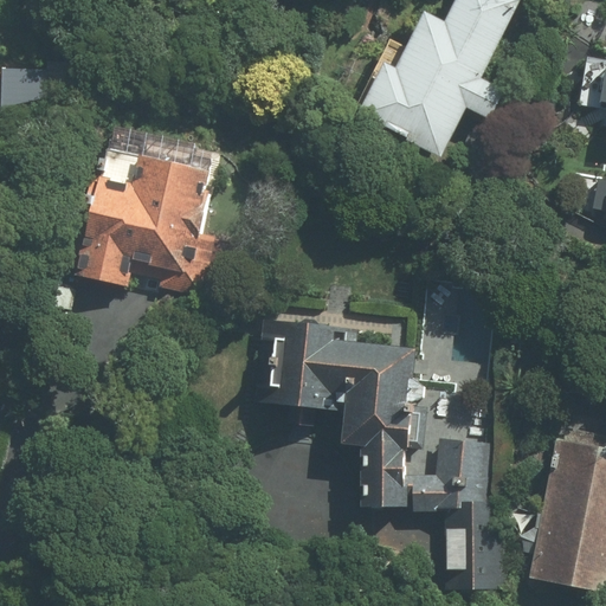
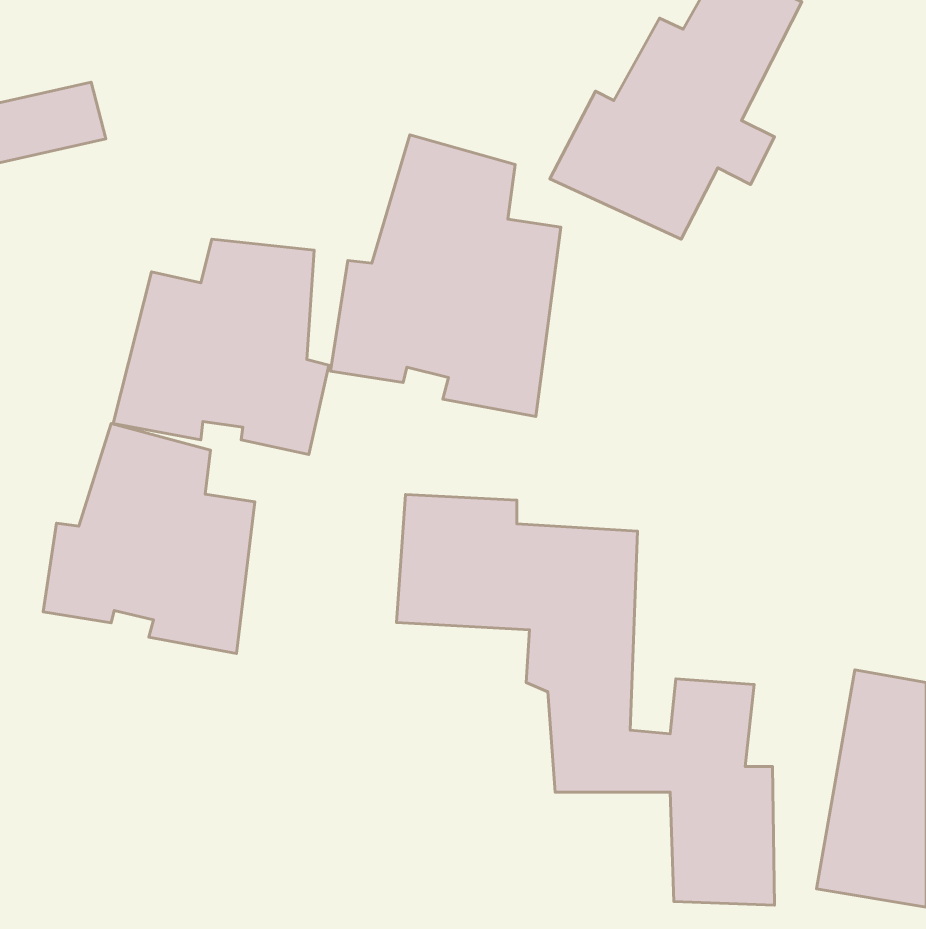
building: none -> [331,135,561,416]
building: none -> [43,424,255,654]

